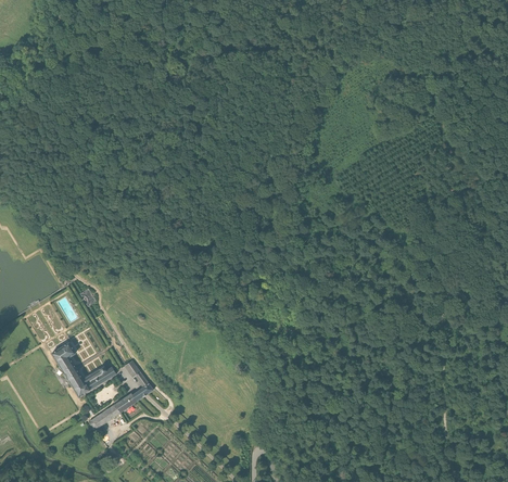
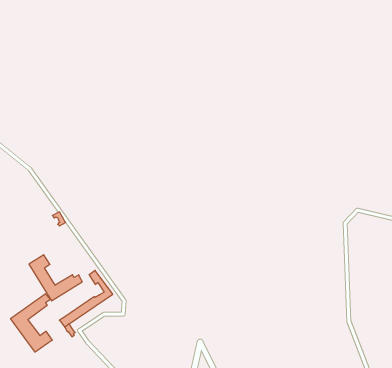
building: none -> [11,294,52,352]

